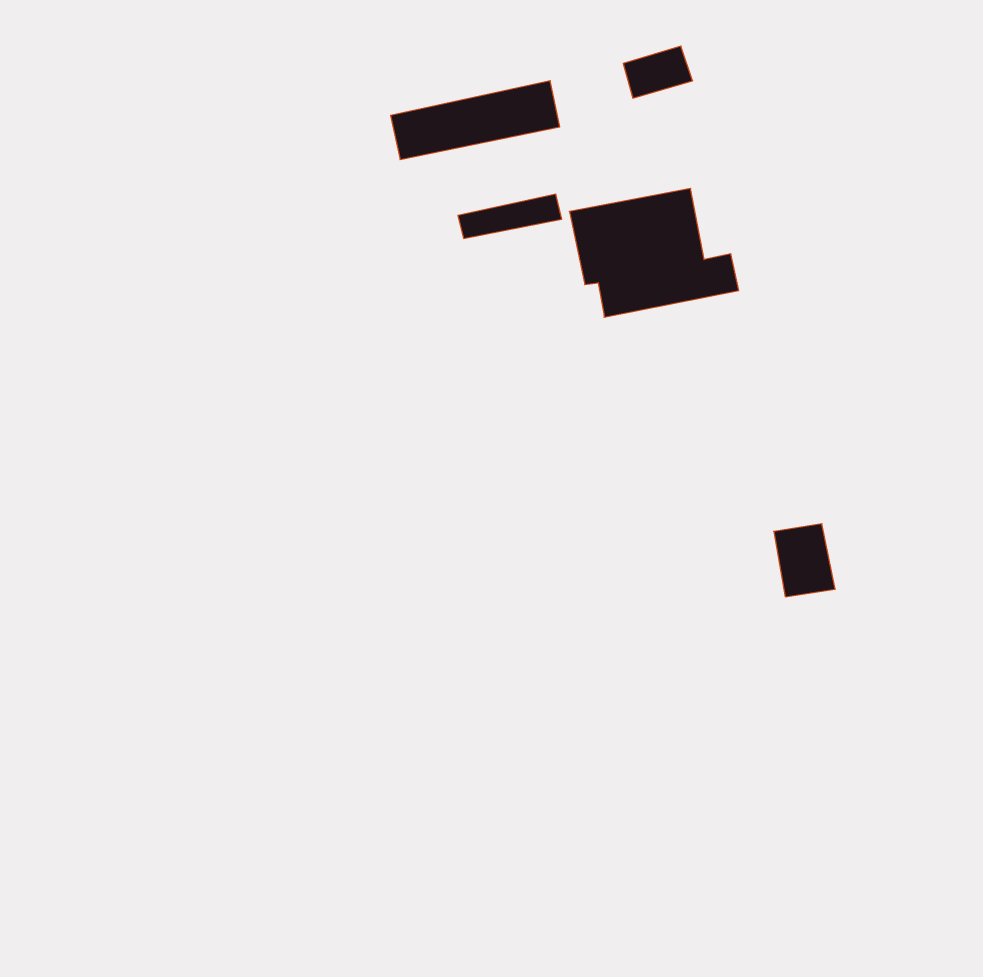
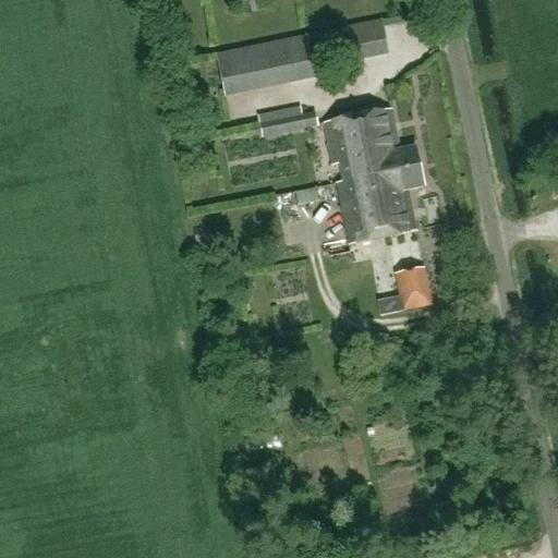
building: none -> [335,165,423,241]
building: [774,524,835,597] -> [396,266,430,307]

